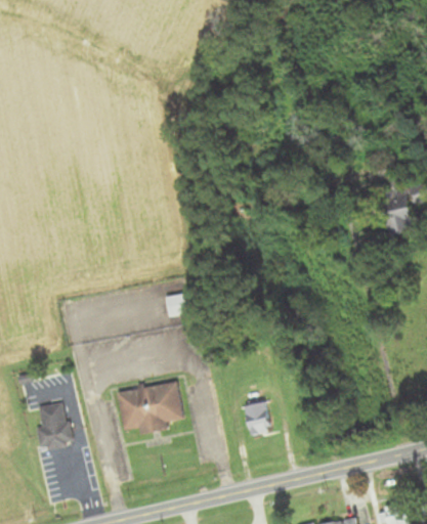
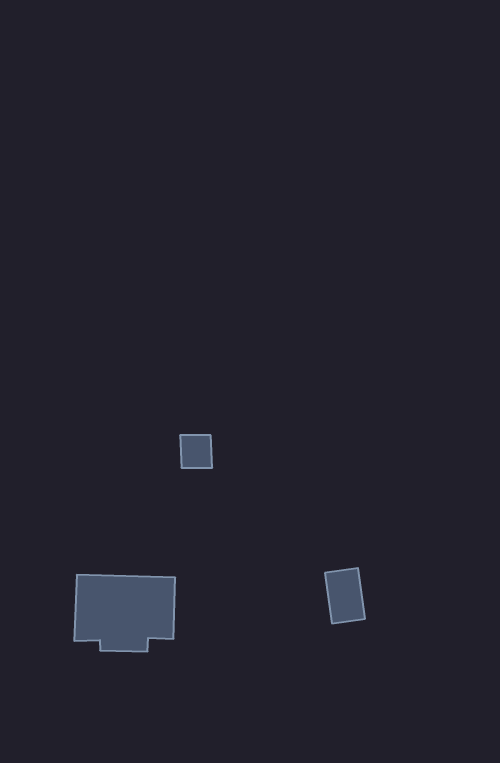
building: [243,399,271,435] -> [325,568,365,623]

